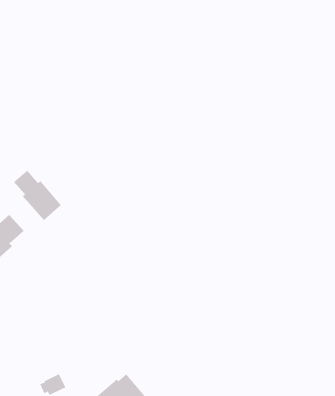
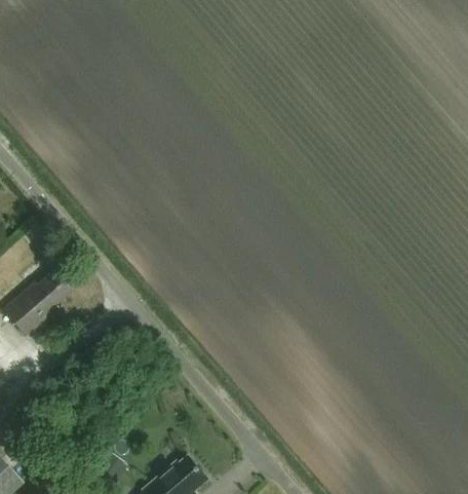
building: [13,170,62,221] -> none

